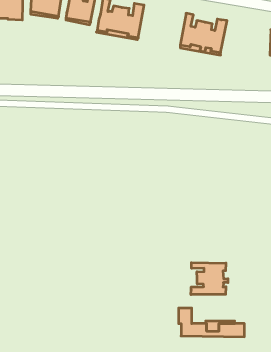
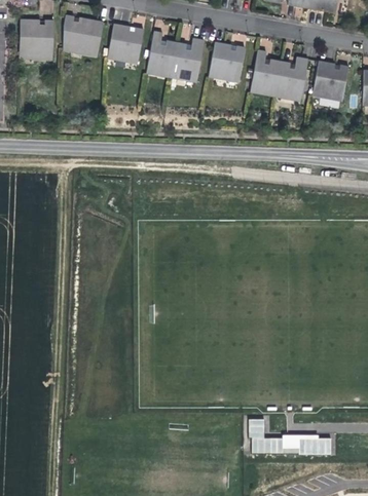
building: none -> [210,41,246,79]
building: none -> [314,61,349,98]
building: [191,263,228,295] -> none

